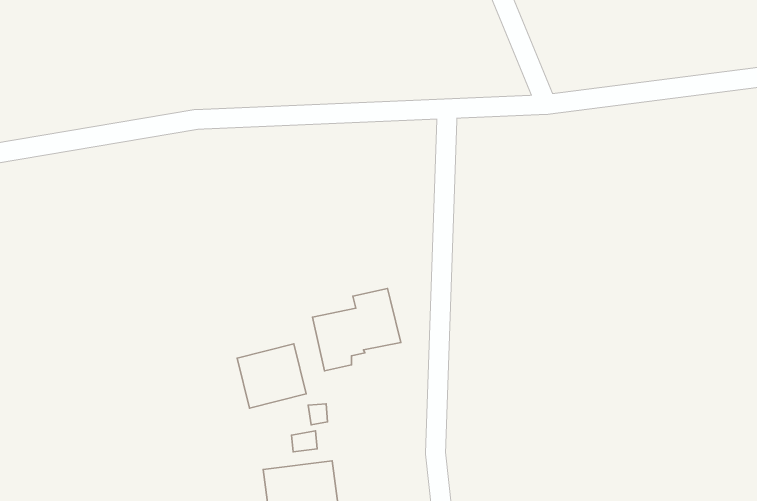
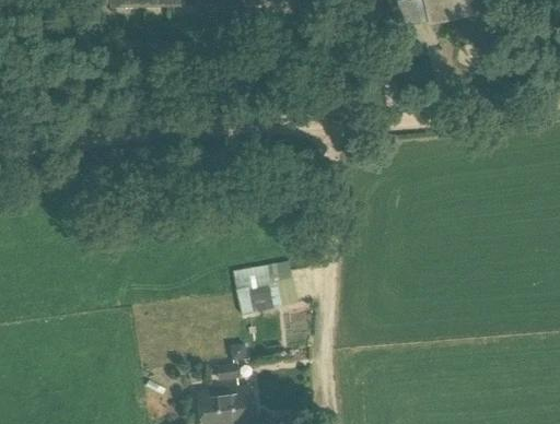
building: [237,344,306,408] -> none

